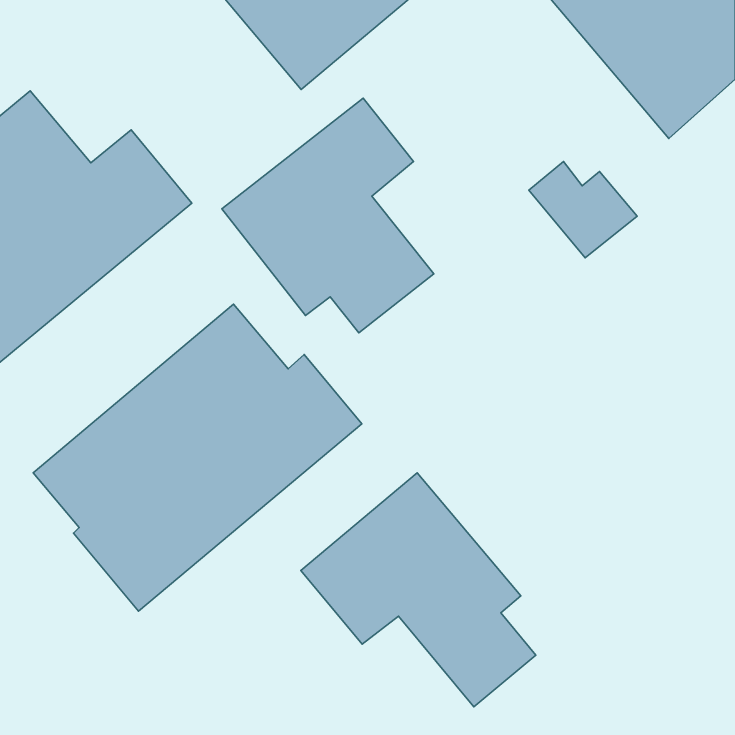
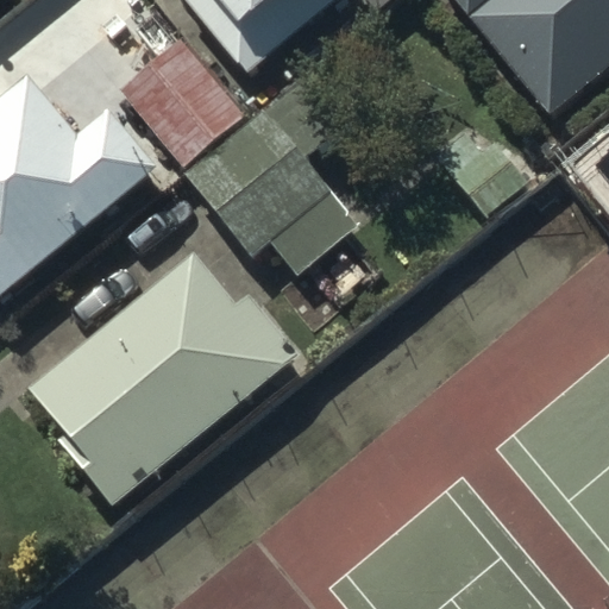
building: none -> [119,40,245,169]
building: [301,473,536,707] -> none

